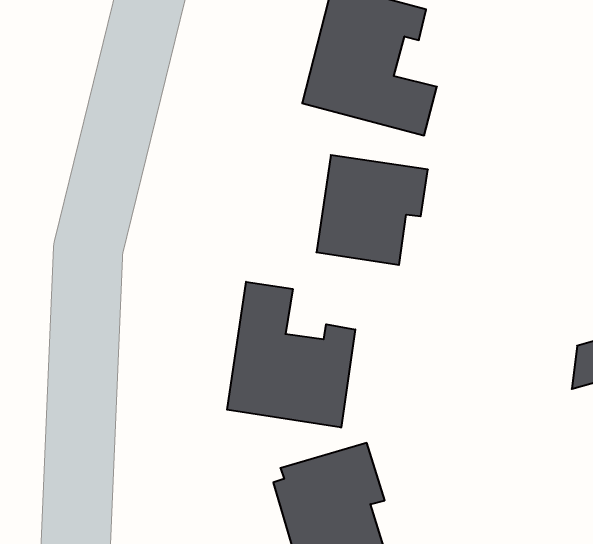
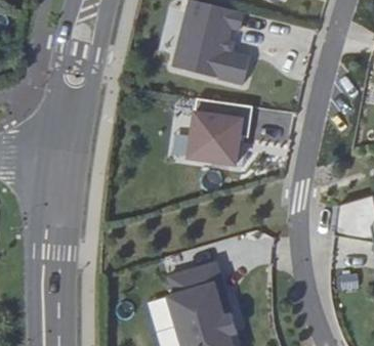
building: [227,282,355,428] -> none

